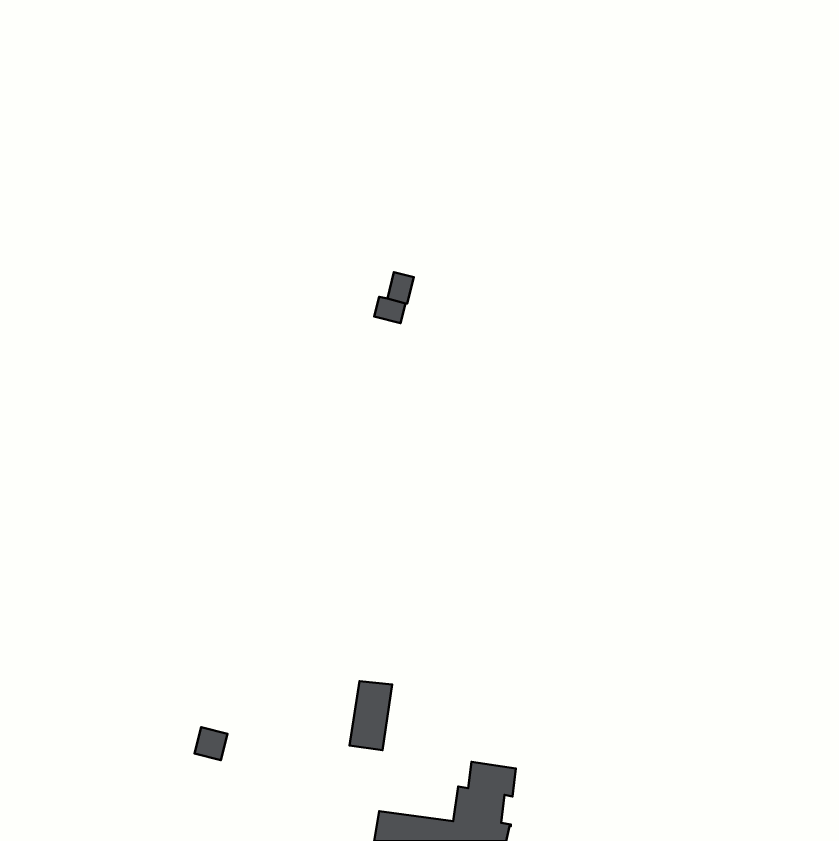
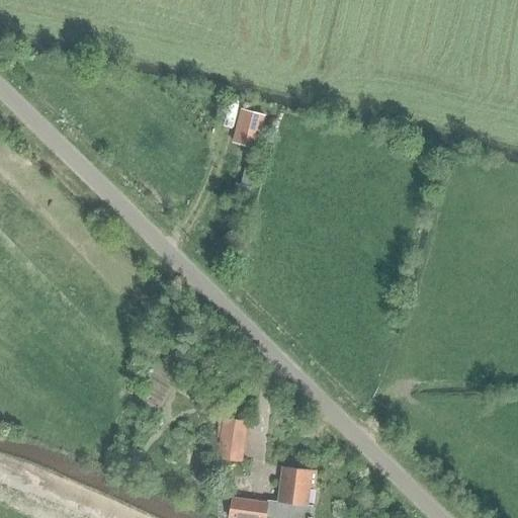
building: none -> [231,109,261,147]

